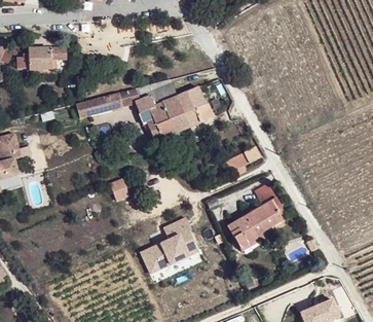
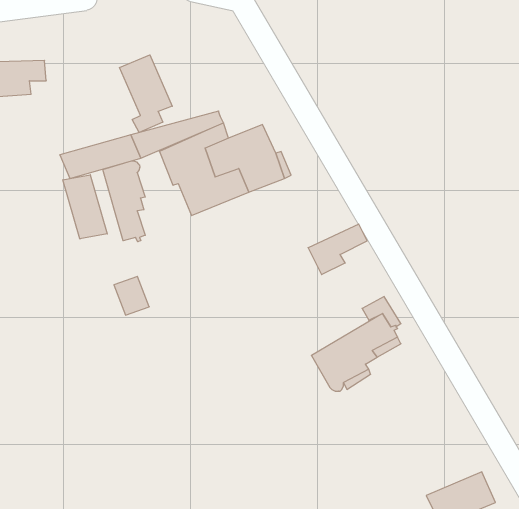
building: none -> [119,55,172,132]
building: none -> [103,161,145,242]
building: none -> [63,175,107,239]
building: [141,218,198,273] -> none

